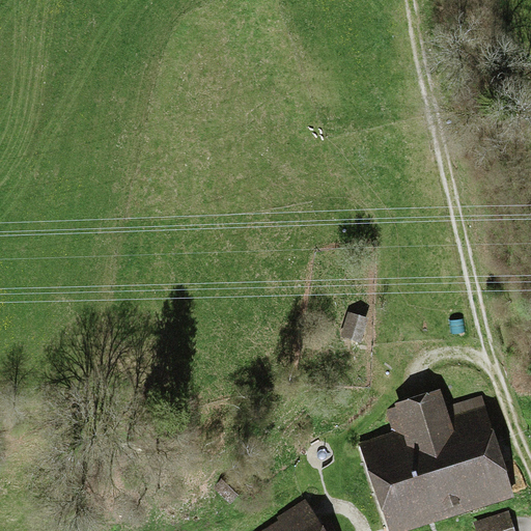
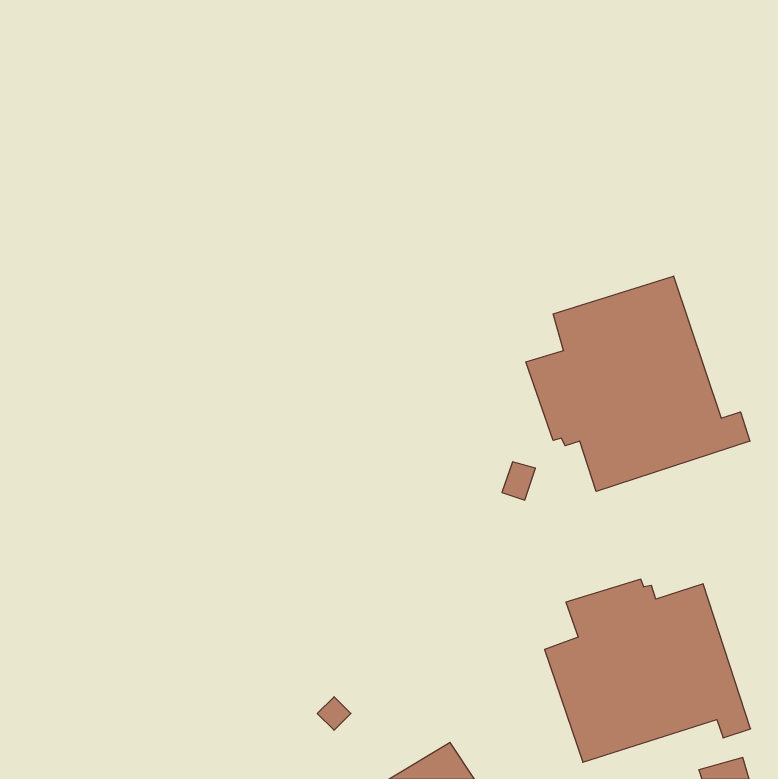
building: none -> [526,276,750,491]

